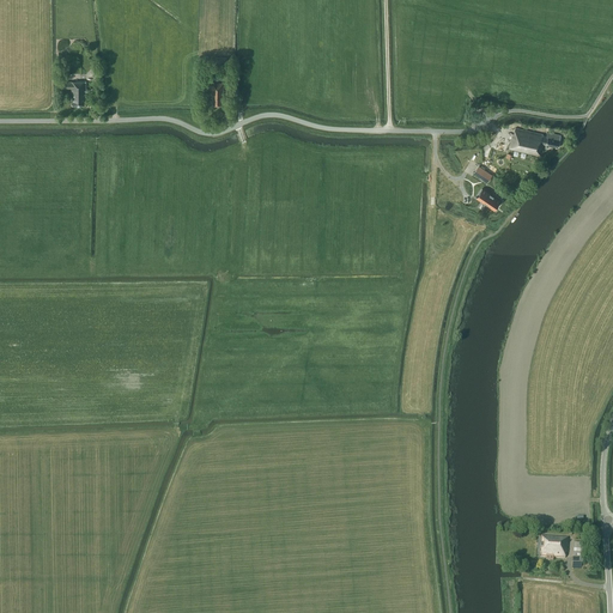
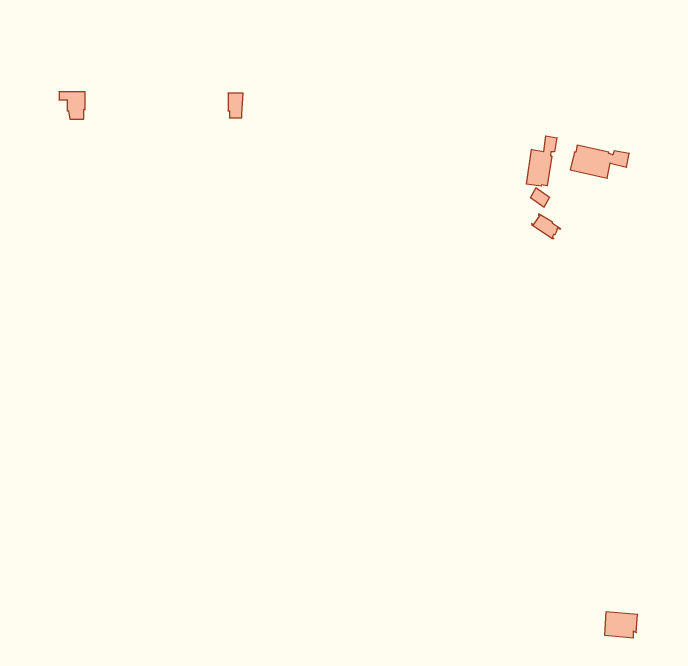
building: none -> [526,136,557,186]

